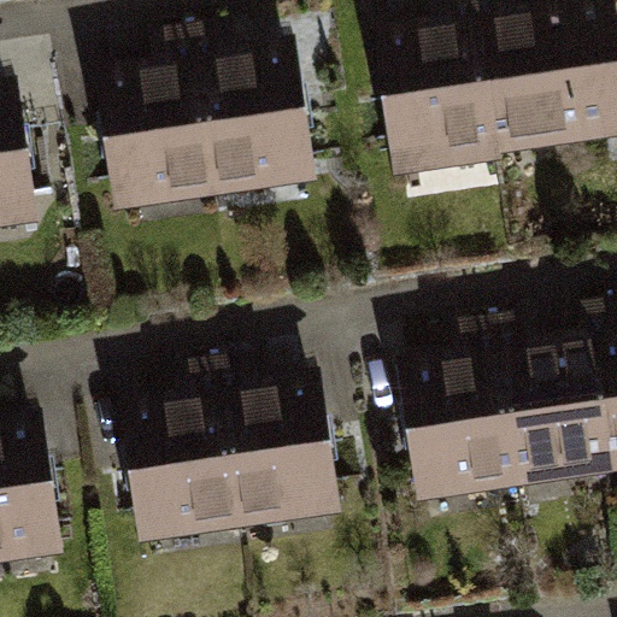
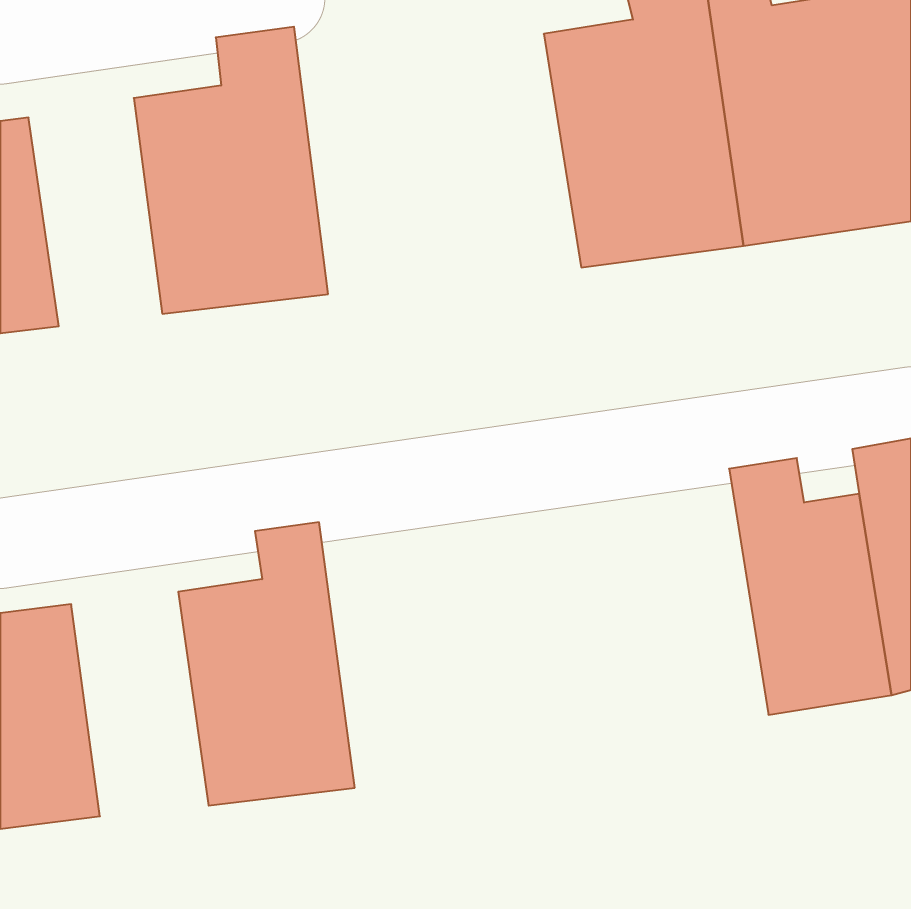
building: [199,12,316,199] -> none
building: [394,317,519,499] -> none
building: [216,346,339,533] -> none

